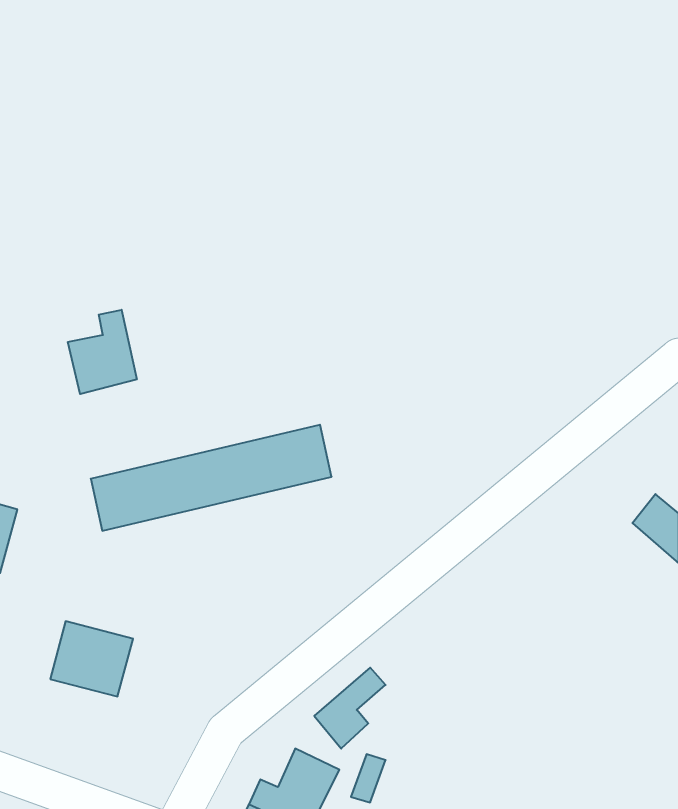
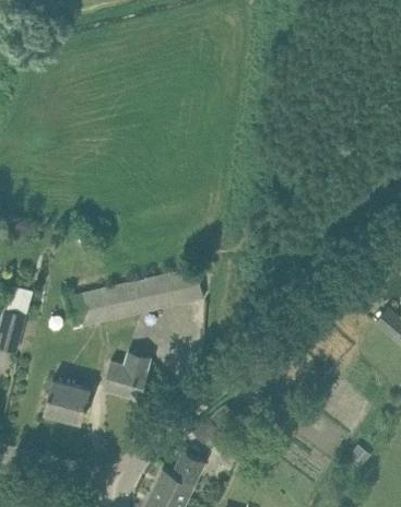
building: [68,310,137,394] -> none
building: none -> [102,352,149,399]

